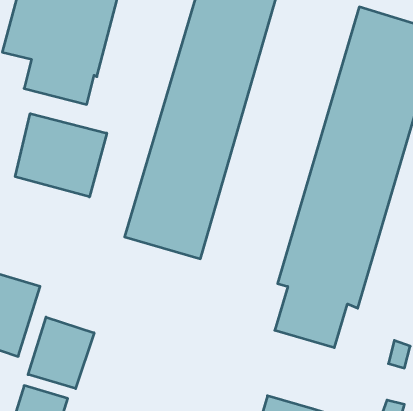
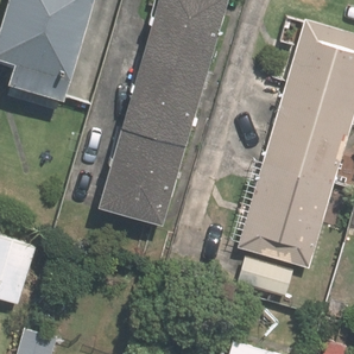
building: [15,114,107,197] -> none
building: [28,317,94,389] -> none

